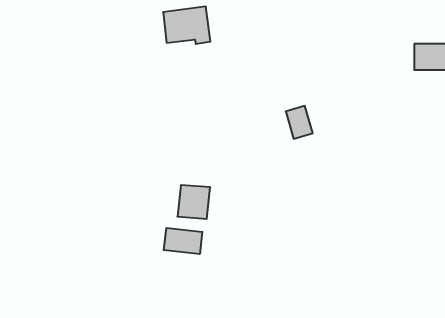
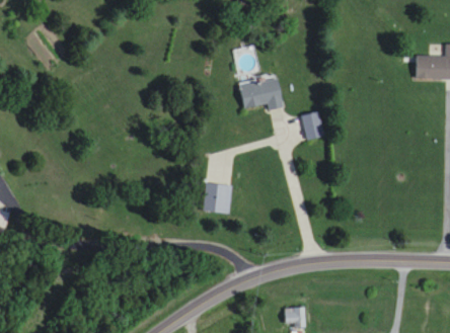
building: [163,7,210,44] -> [239,75,282,108]
building: [164,228,202,254] -> none

